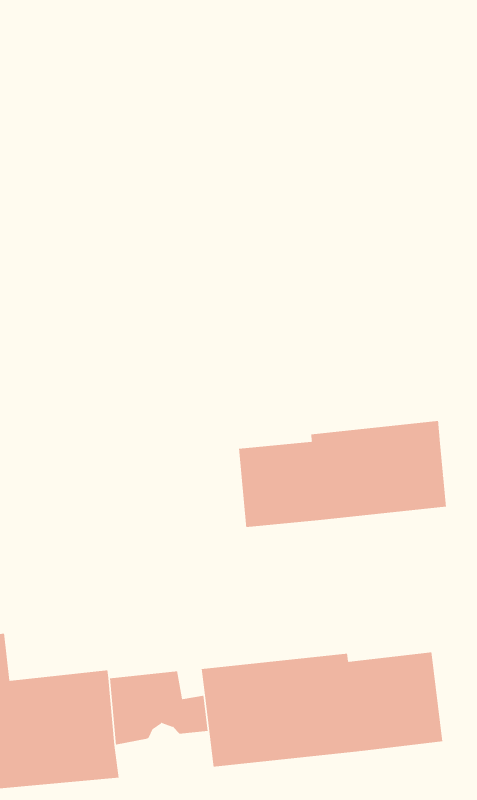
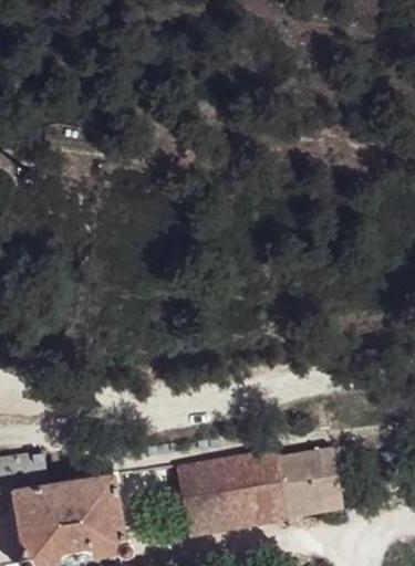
building: [239,420,446,528] -> none

